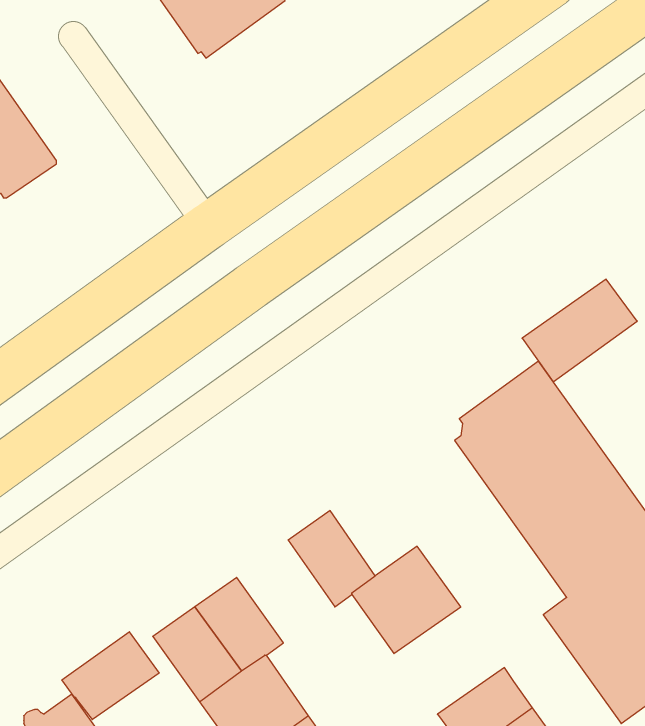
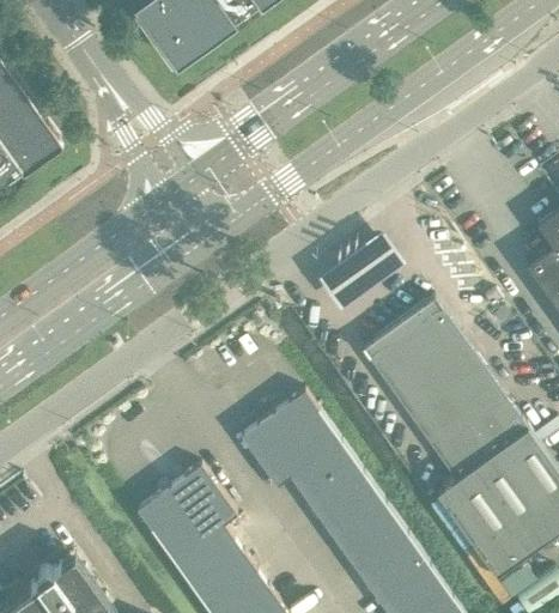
building: [522,279,637,382] -> [317,232,406,311]
building: none -> [273,392,340,465]
building: none -> [322,488,407,571]
building: [62,632,159,720] -> none

